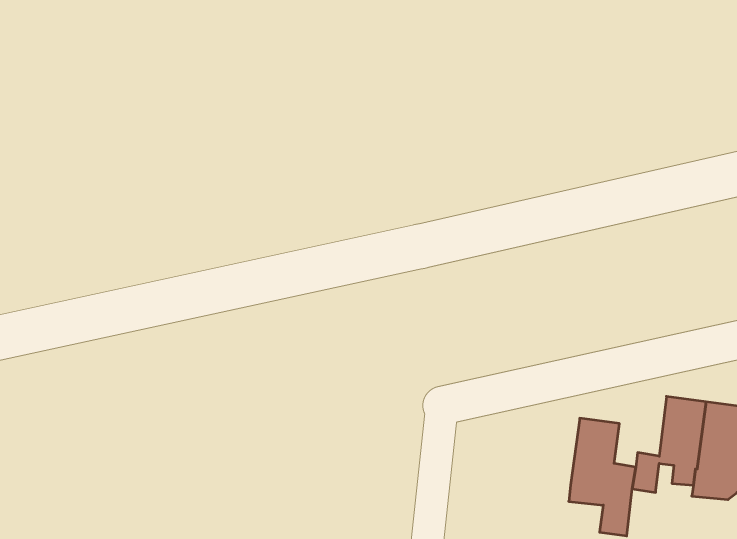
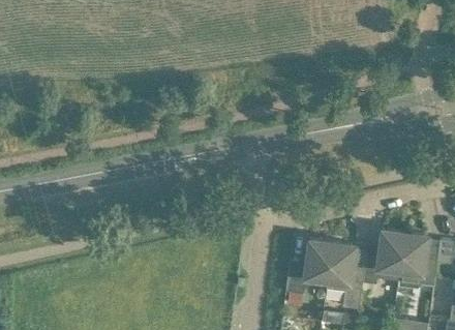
building: none -> [290,238,332,293]

